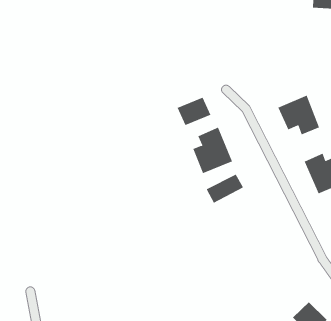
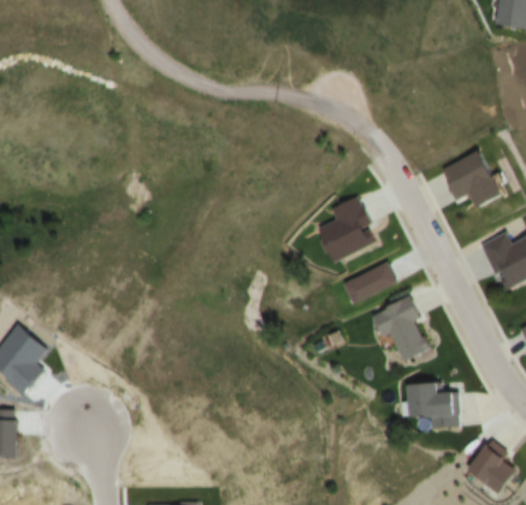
building: [177,97,211,126] -> none
building: none -> [370,297,431,361]
building: none -> [406,384,455,424]

